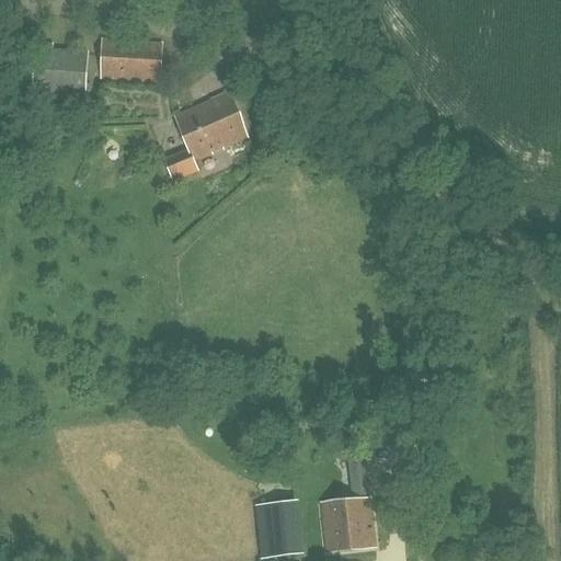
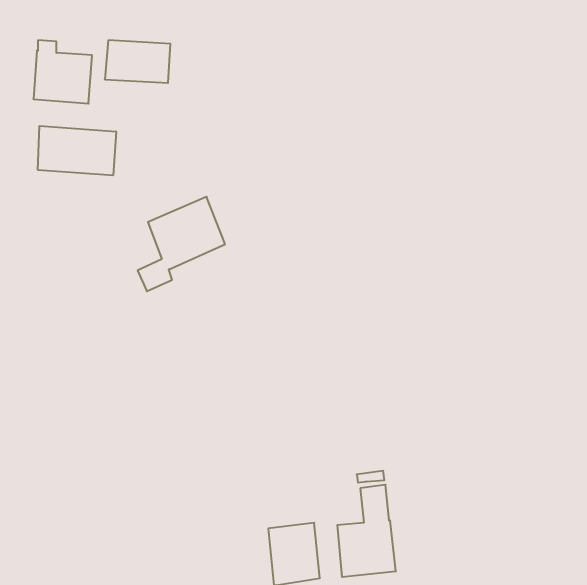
building: [164,90,248,180] -> [138,197,225,291]
building: none -> [38,126,116,175]

